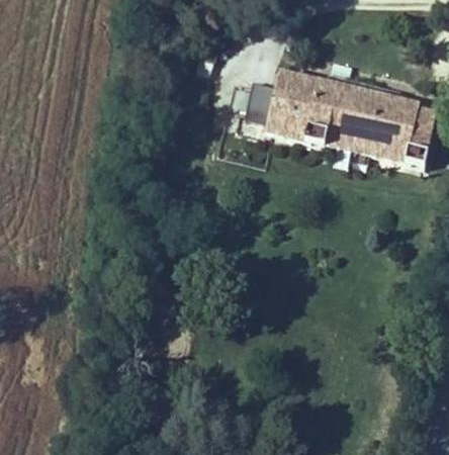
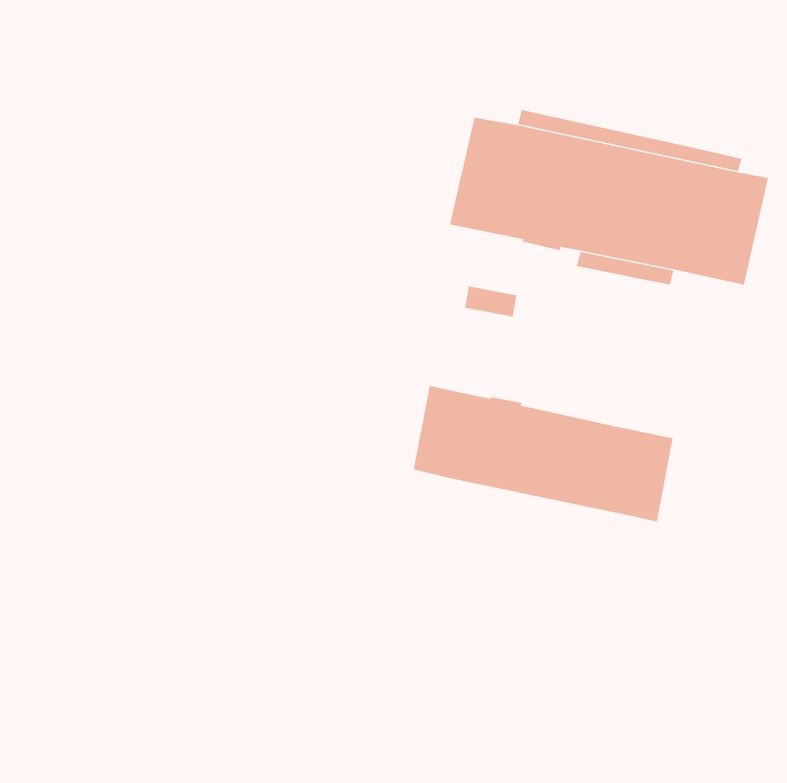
building: none -> [413,385,674,523]

